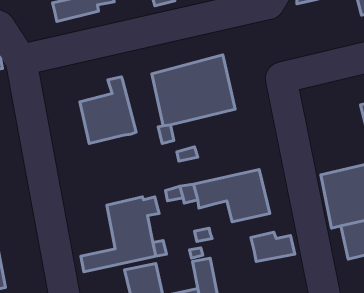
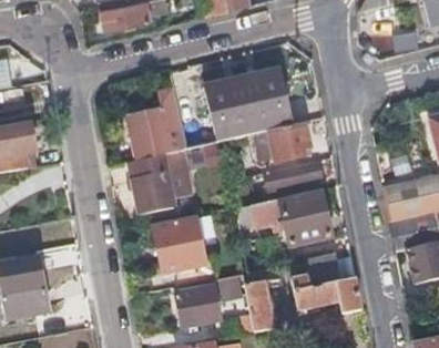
building: none -> [265,121,308,164]
building: none -> [127,150,191,214]
building: none -> [265,161,324,195]
building: none -> [293,274,361,311]

